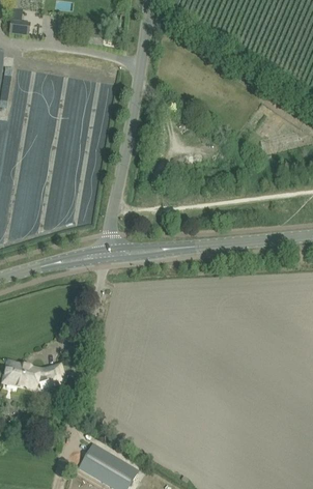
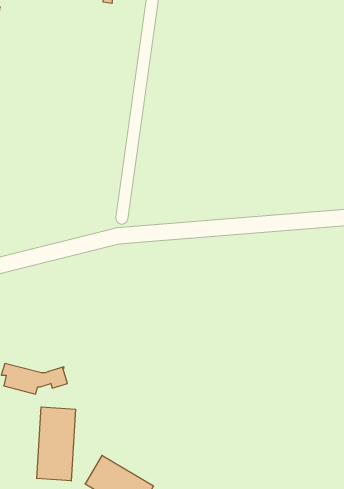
building: none -> [37,407,76,481]

